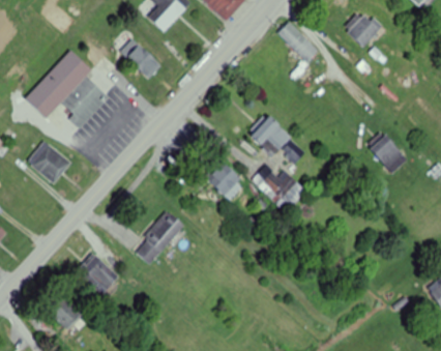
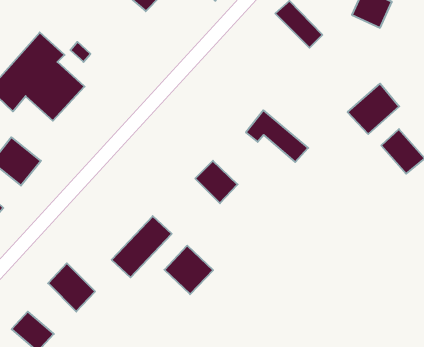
building: [120,37,159,78] -> none
building: none -> [348,84,399,134]
building: [252,164,305,211] -> none
building: none -> [164,246,213,294]

